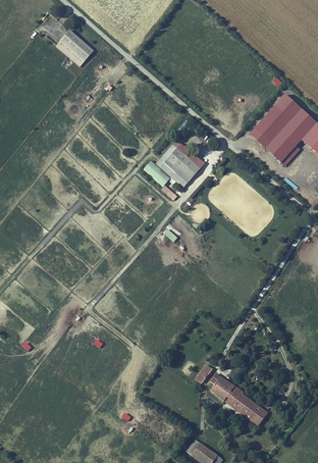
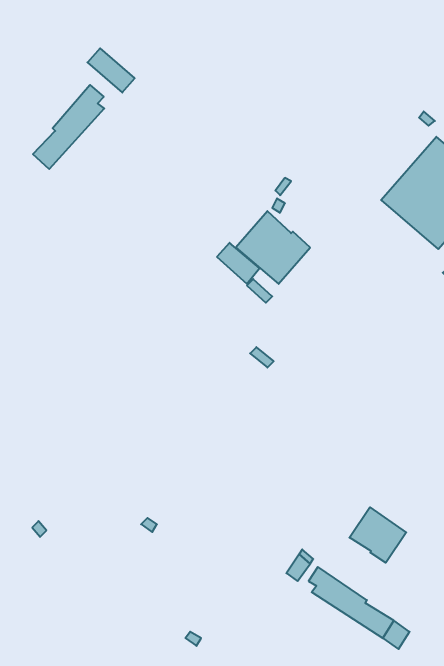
building: none -> [33,85,104,169]
building: none -> [349,507,406,563]

